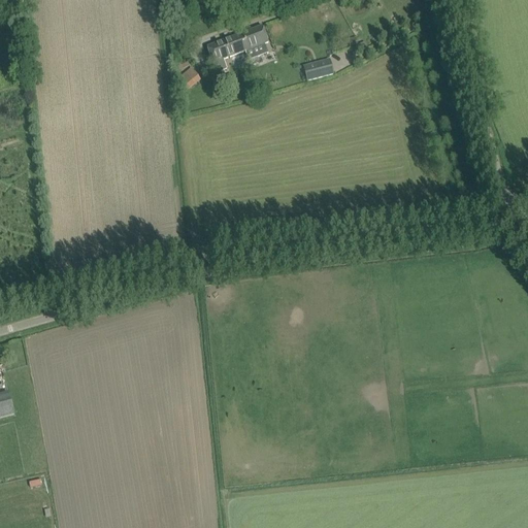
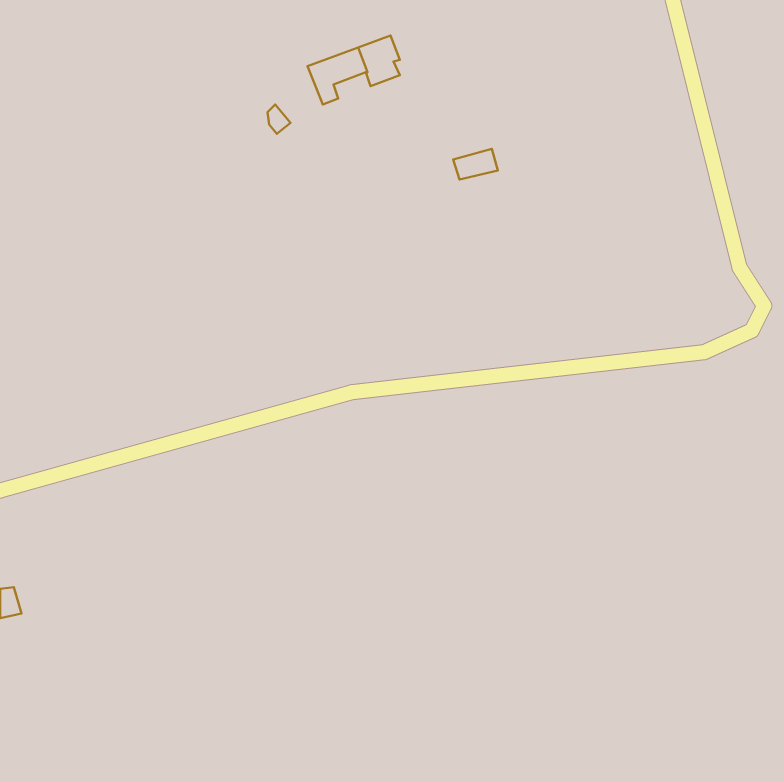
building: [304,58,334,78] -> [453,149,498,180]

